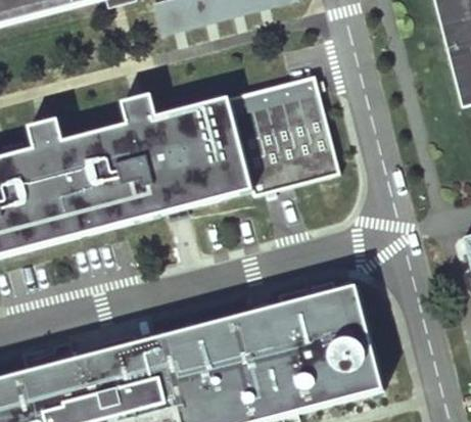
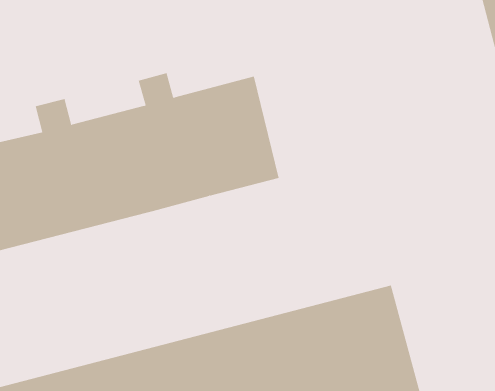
building: [233,73,341,192] -> none

